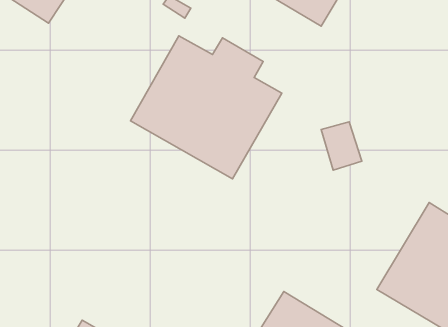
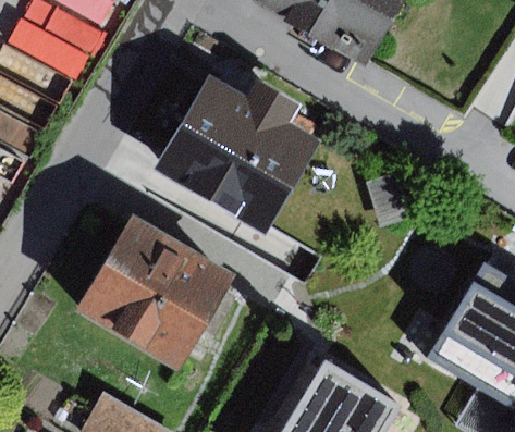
building: none -> [77,214,235,369]

